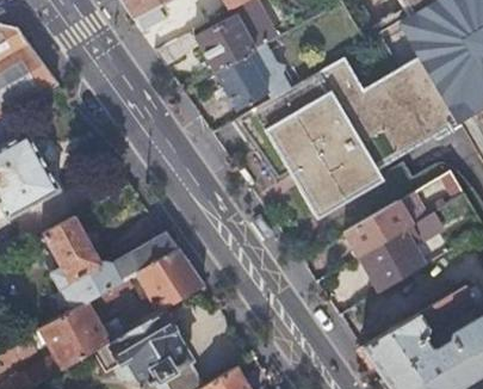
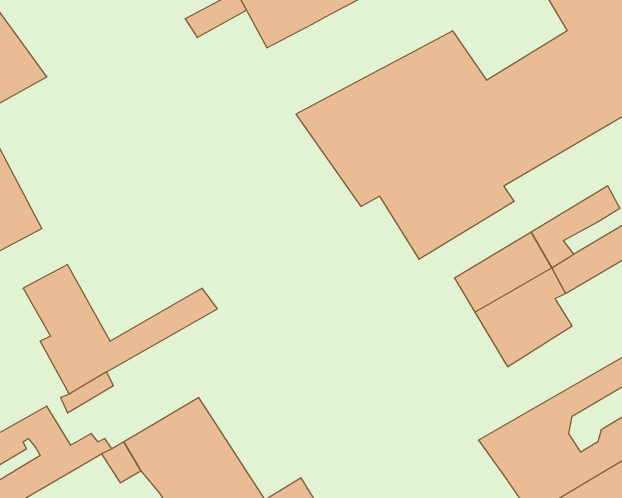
building: [215,50,268,107] -> none
building: [111,249,209,331] -> none

